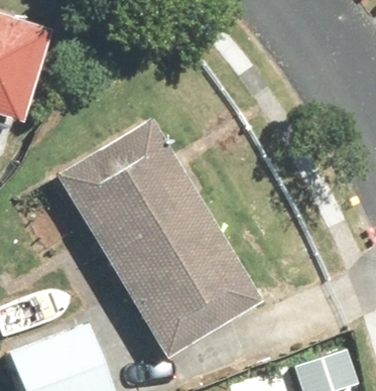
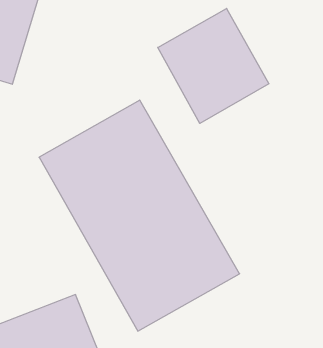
building: none -> [158,8,269,123]

